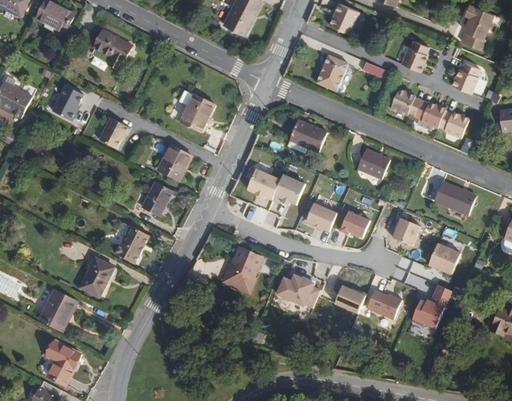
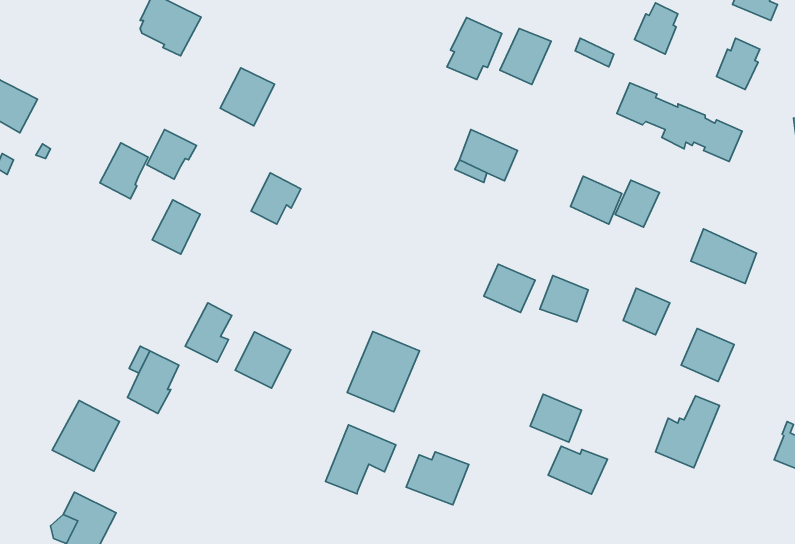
building: none -> [447,17,502,80]
building: [49,87,79,122] -> [100,143,148,199]
building: [182,93,216,129] -> [220,68,275,126]
building: none -> [615,180,659,227]
building: [247,168,307,205] -> none
building: [143,181,173,215] -> [152,200,200,254]
building: none -> [235,332,291,388]
building: [276,273,315,306] -> [406,452,469,505]
building: [367,289,404,319] -> [548,446,608,494]
building: none -> [325,425,396,494]

